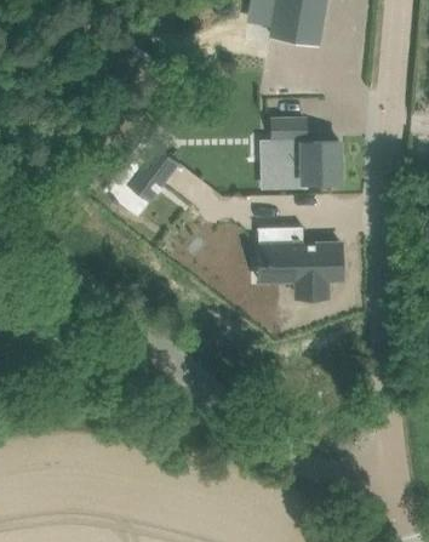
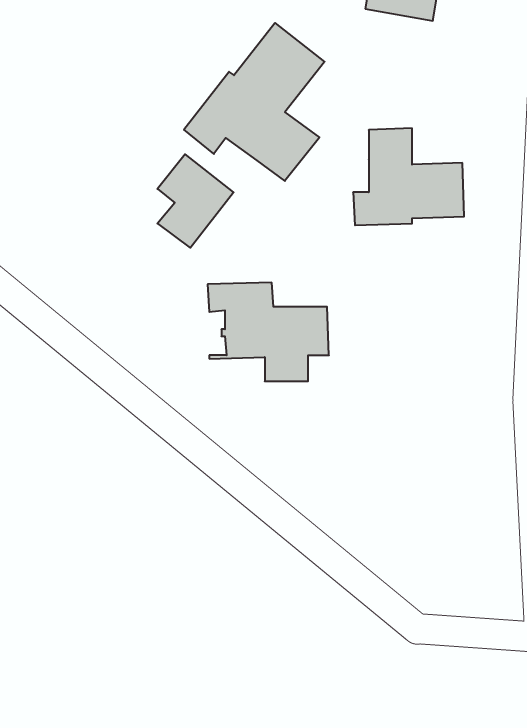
building: none -> [184,23,325,181]
building: [257,228,342,297] -> [208,283,329,381]

